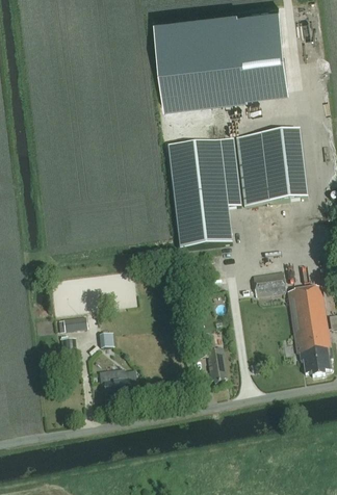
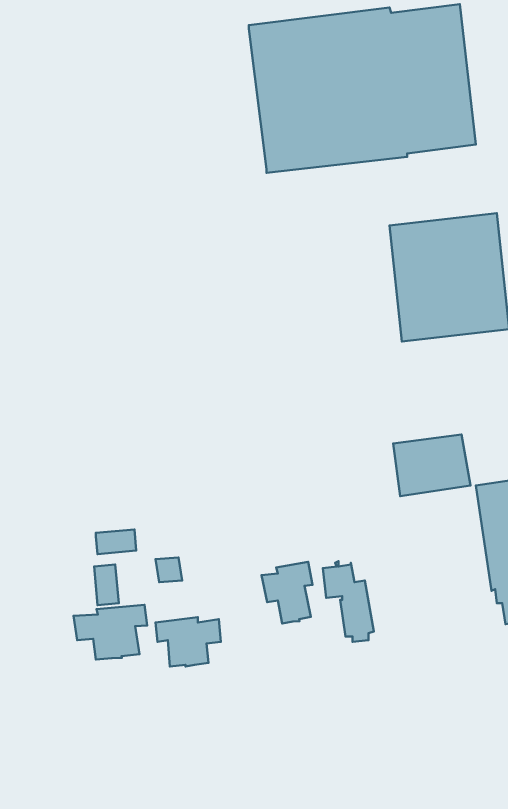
building: [168,139,240,252] -> none
building: none -> [262,562,313,623]
building: none -> [74,605,147,660]

